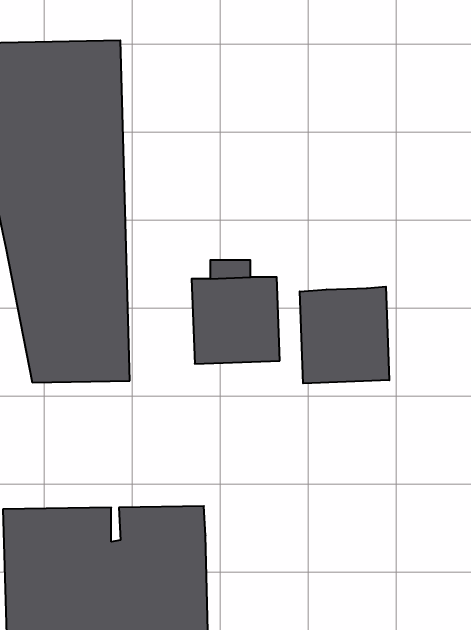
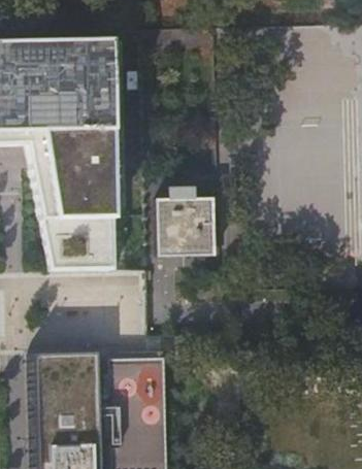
building: [300,287,389,383] -> none

